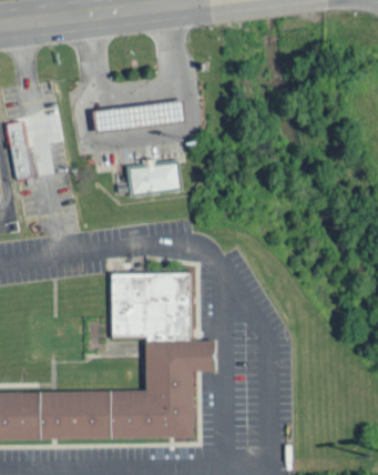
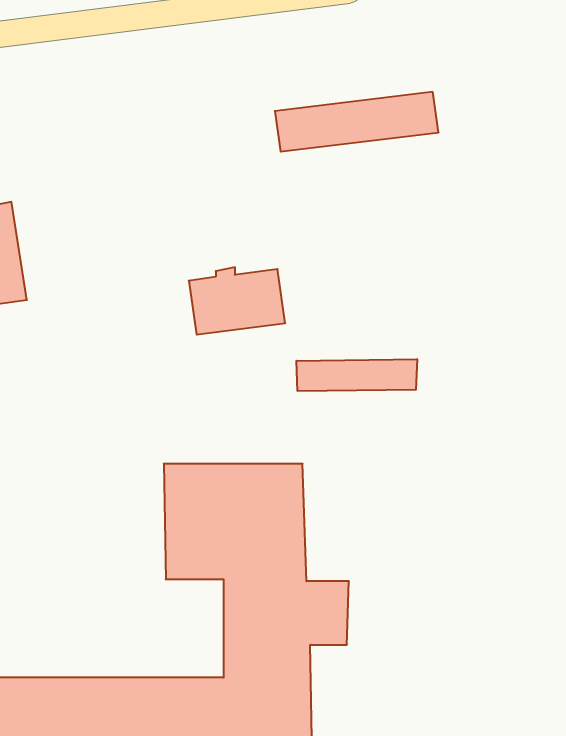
building: [88,98,182,132] -> [275,92,439,152]
building: none -> [296,359,417,391]

